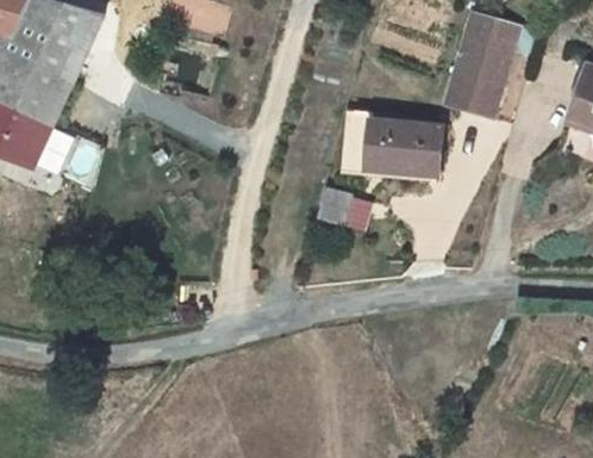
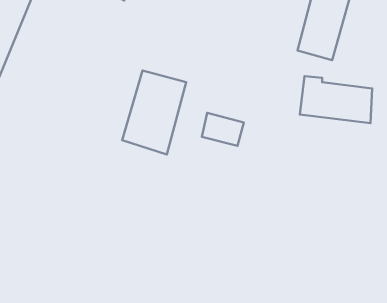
building: [347,110,443,173] -> [300,76,372,123]
building: none -> [122,70,186,155]

